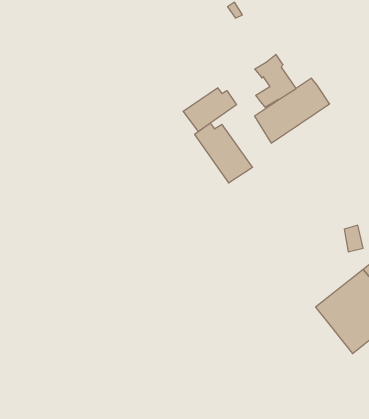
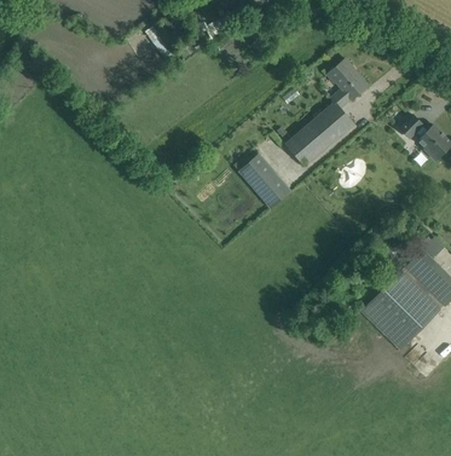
building: [255,55,296,107] -> [326,58,366,108]
building: [183,88,237,131] -> none

